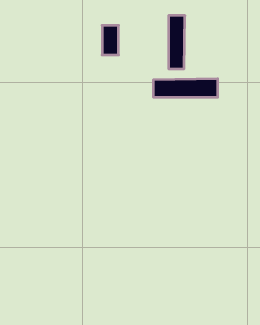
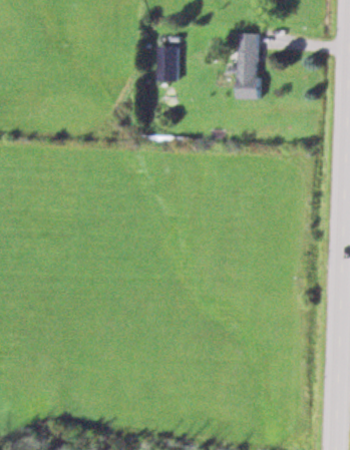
building: [154,79,218,97] -> none

